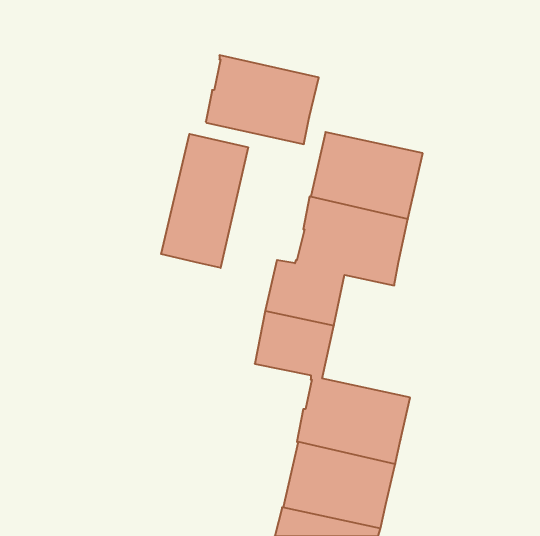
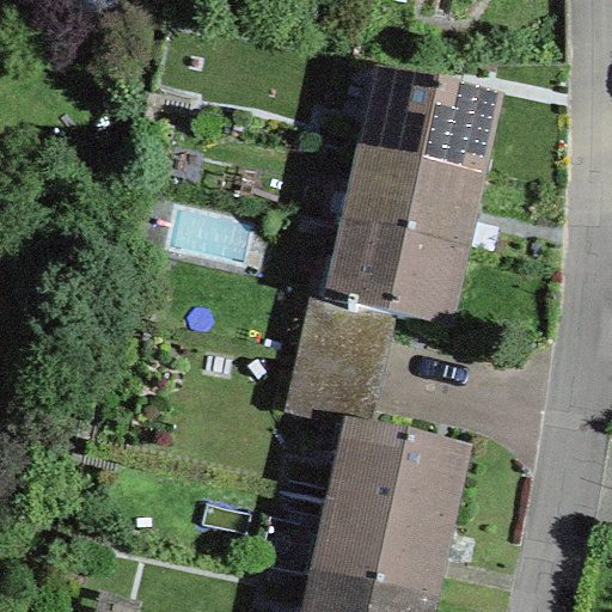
building: [206,55,319,144] -> [367,73,495,173]
building: [161,134,248,268] -> none

